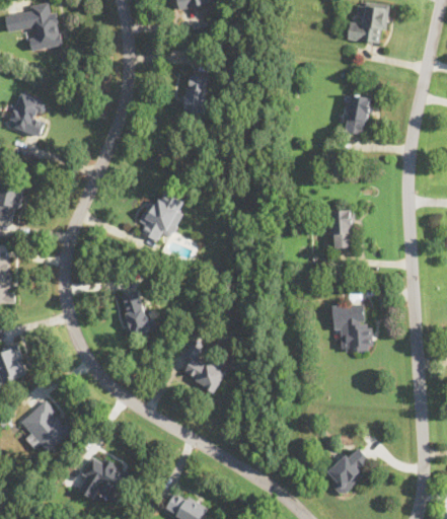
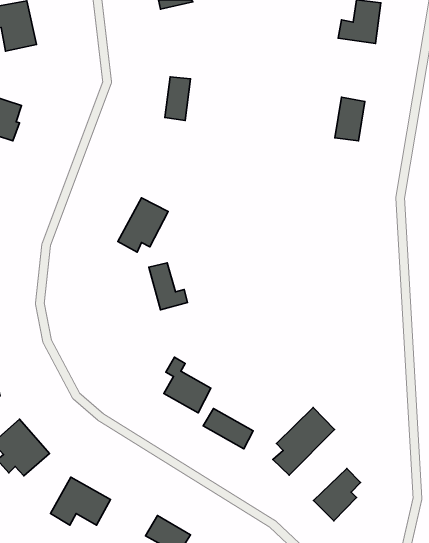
building: [324,210,353,247] -> none
building: [120,292,156,337] -> [149,263,187,310]
building: [331,304,371,352] -> none
building: none -> [273,408,335,475]
building: none -> [203,409,253,449]

